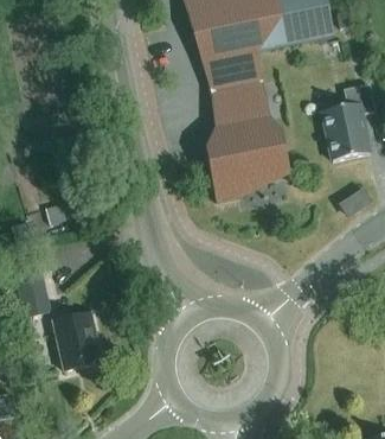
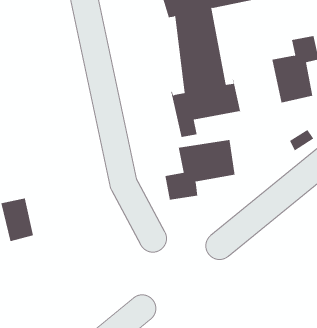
building: none -> [165,139,235,201]
building: [53,312,102,371] -> none

